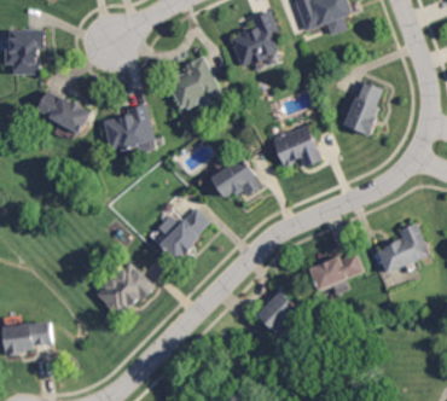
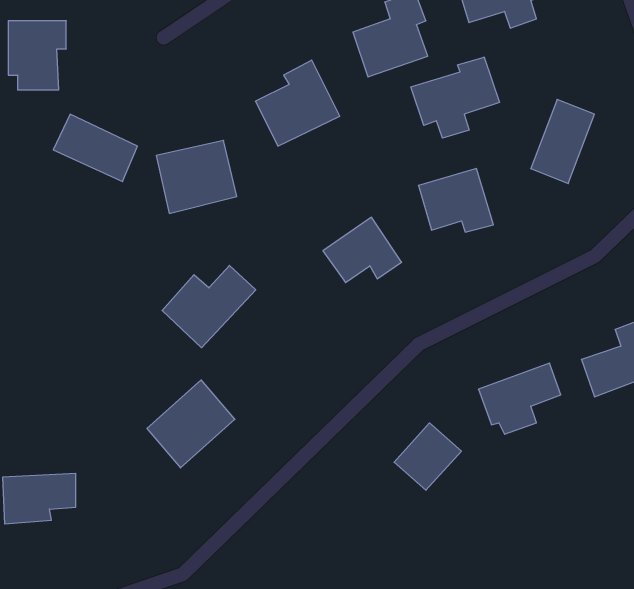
building: none -> [411,57,500,138]
building: [150,208,210,261] -> [162,265,256,348]

